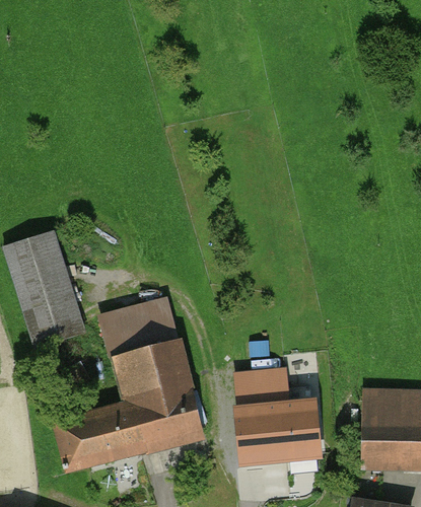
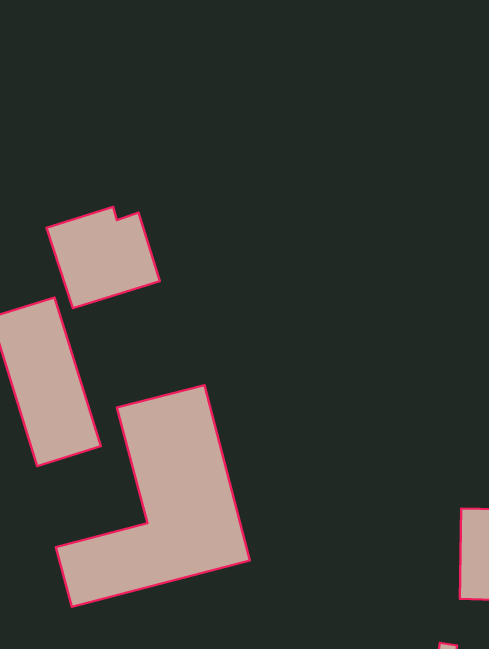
building: none -> [47,207,160,308]
building: [233,369,318,461] -> none

